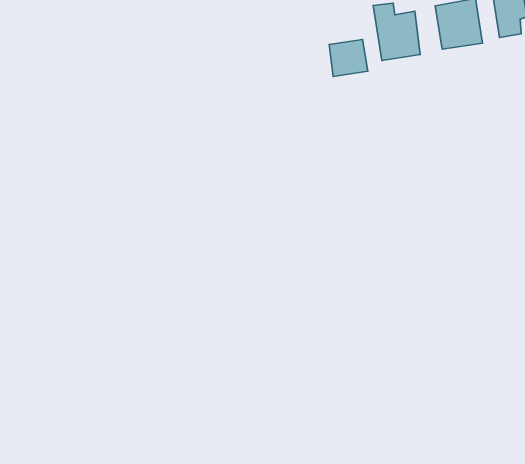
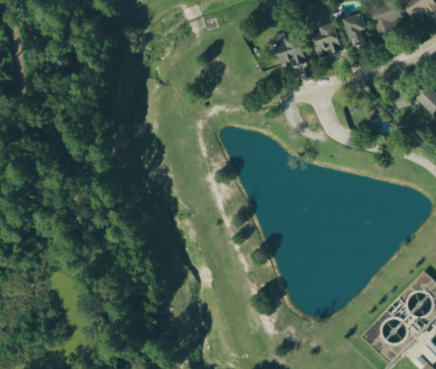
building: [329,40,368,77] -> none

